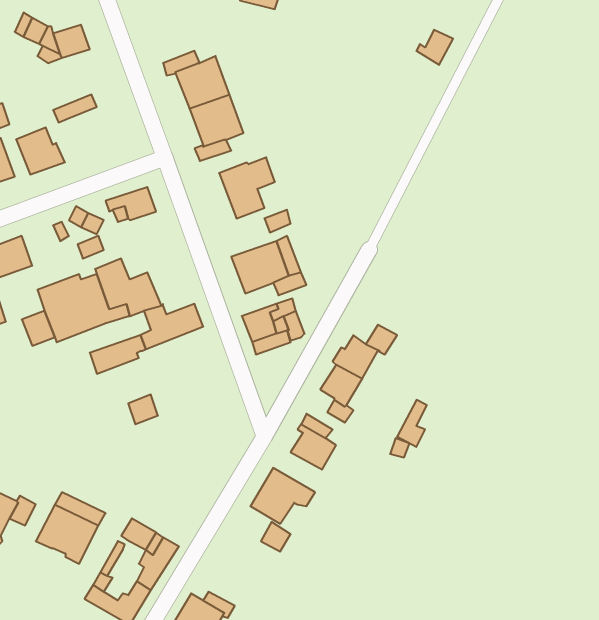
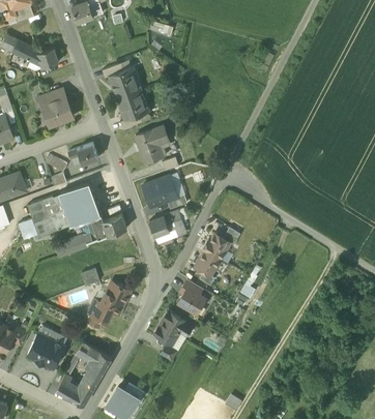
building: [16,127,65,174] -> [45,97,74,125]
building: none -> [87,285,129,327]

